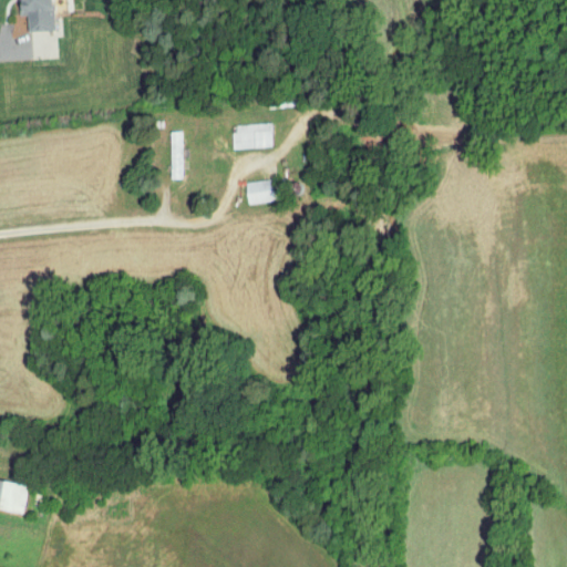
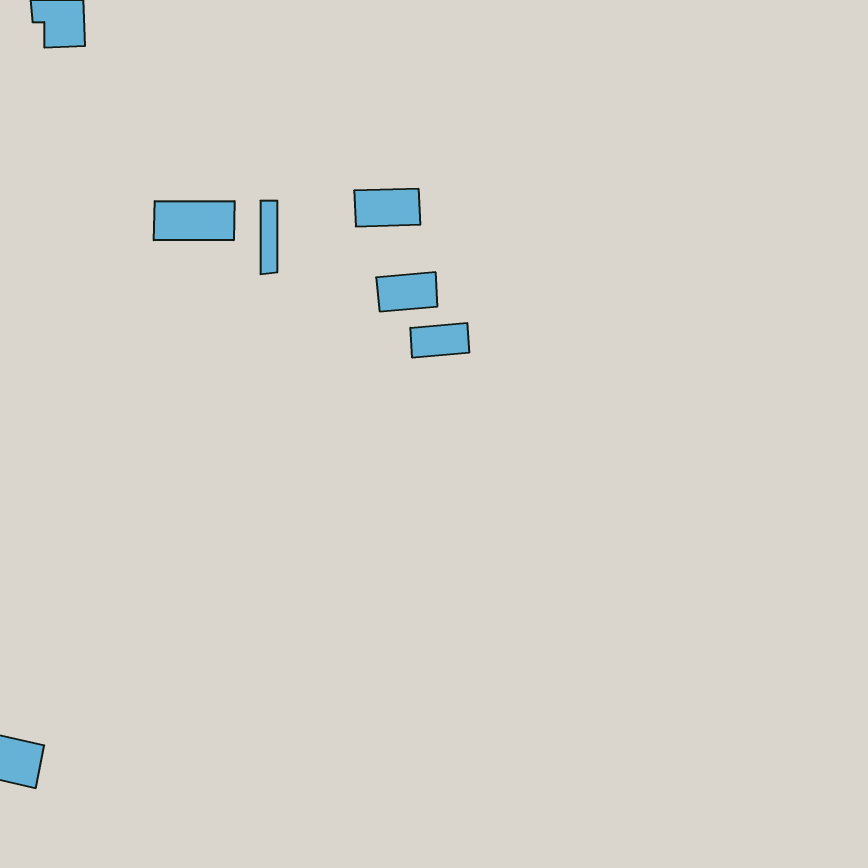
building: none -> [154,201,235,240]
building: none -> [410,323,469,358]

